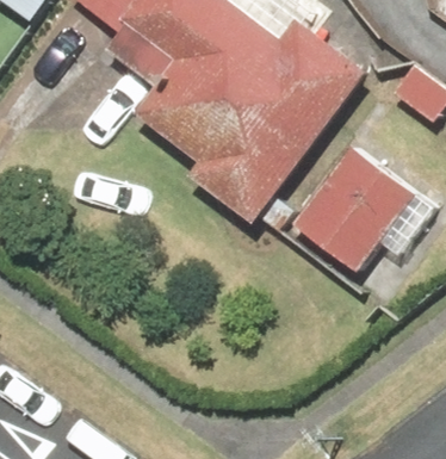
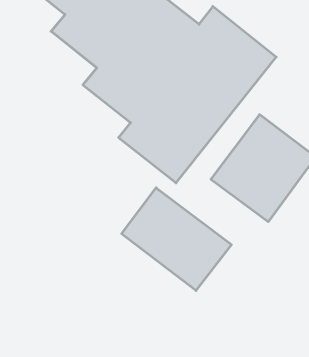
building: none -> [122,188,231,291]

